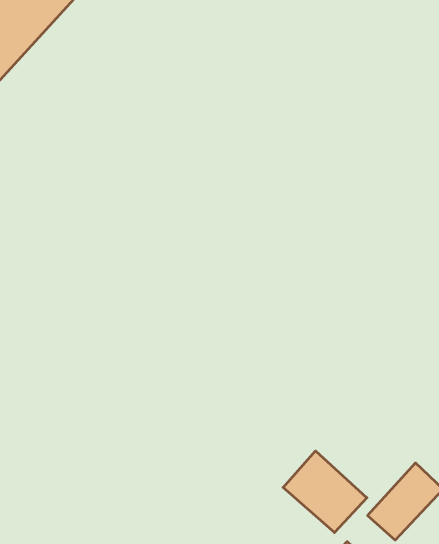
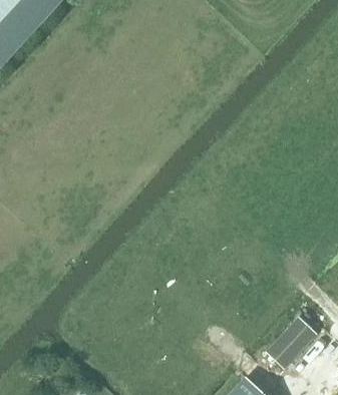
building: [283,451,367,533] -> none

